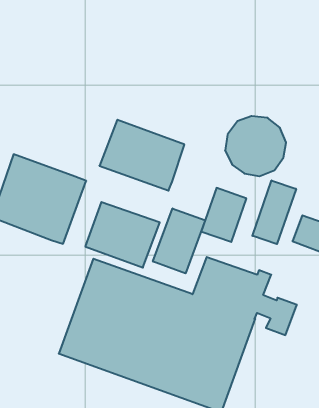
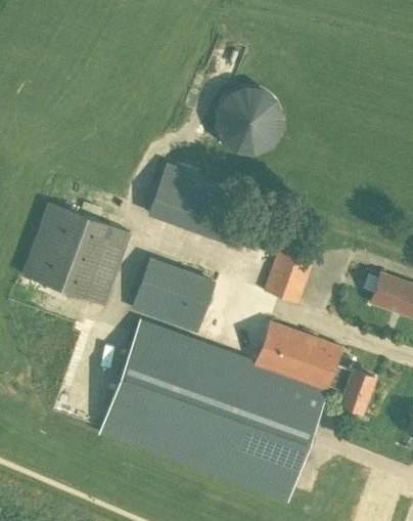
building: [225,116,286,176] -> [215,86,285,156]
building: [252,180,296,244] -> none
building: [153,208,205,273] -> none

